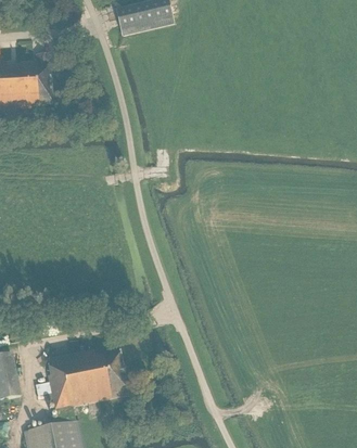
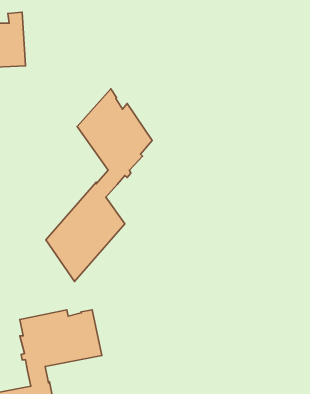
building: none -> [46,89,152,282]

